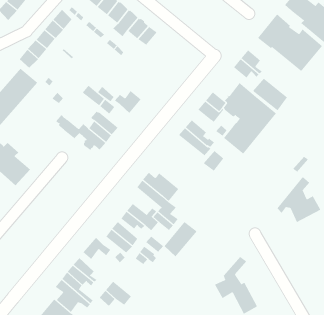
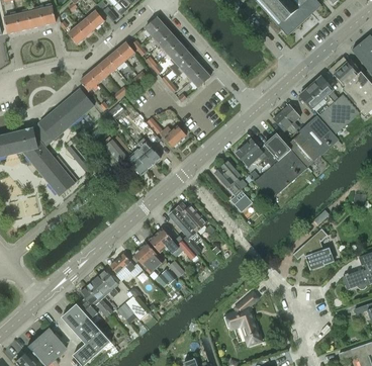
building: none -> [299,115,339,156]
building: [164,221,197,257] -> none

